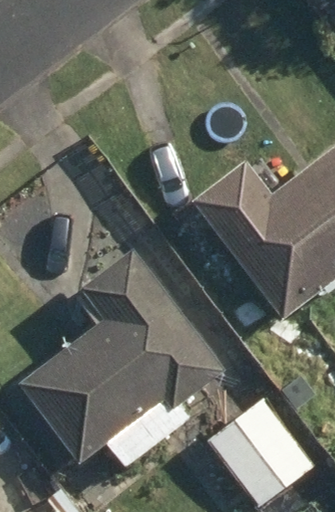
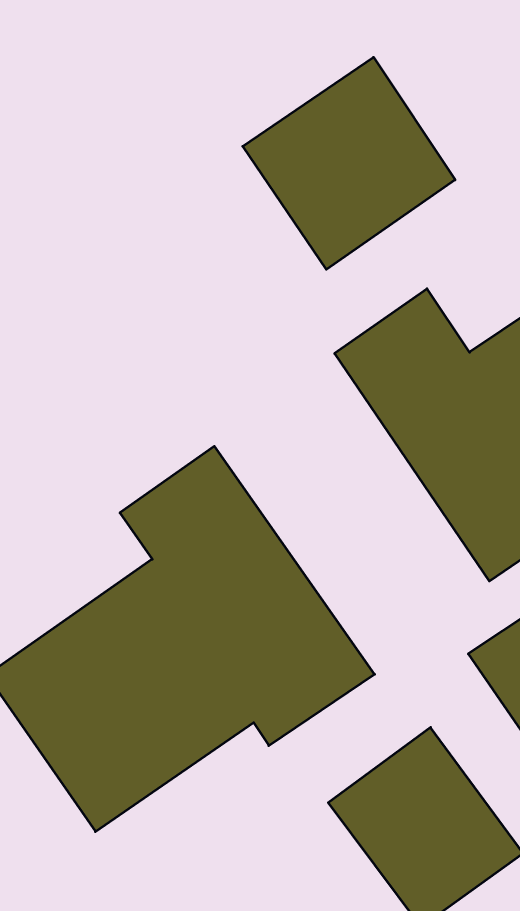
building: none -> [243,57,455,269]

